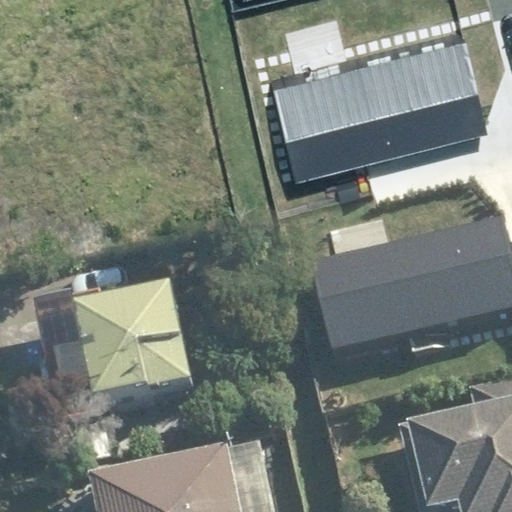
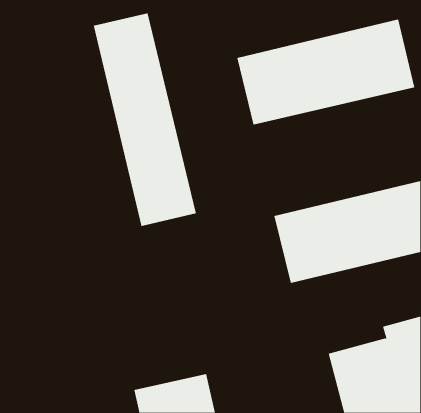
building: none -> [93,12,197,227]
building: [24,290,192,440] -> none

